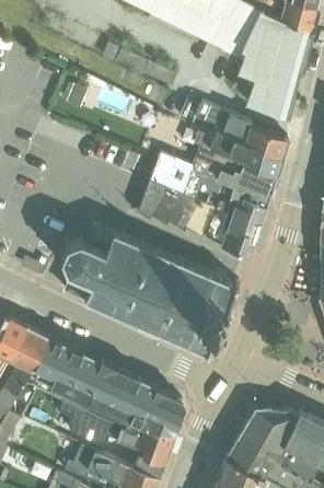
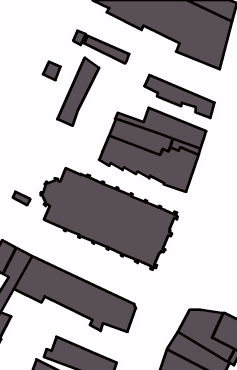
building: [233,72,294,119] -> none
building: none -> [57,58,99,126]
building: [194,130,282,176] -> none
building: [58,400,174,478] -> none

